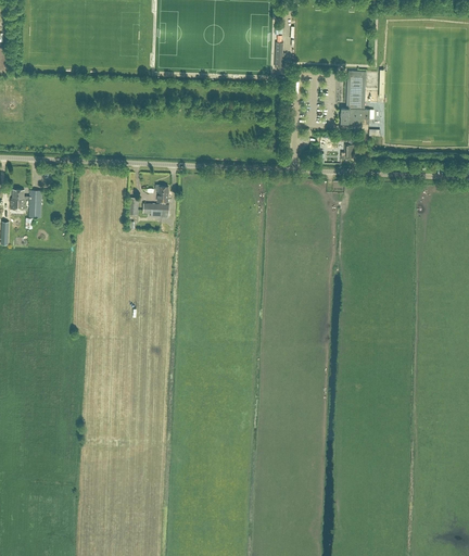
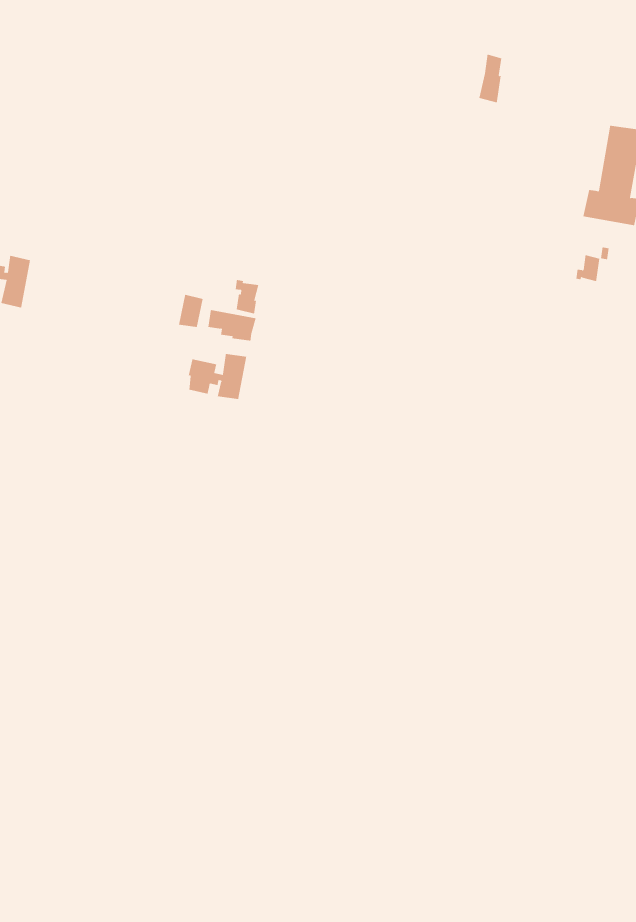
building: none -> [188,353,247,400]

